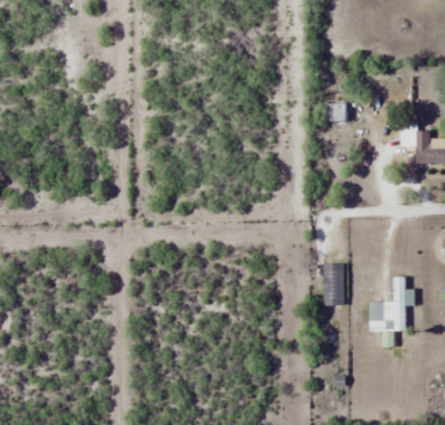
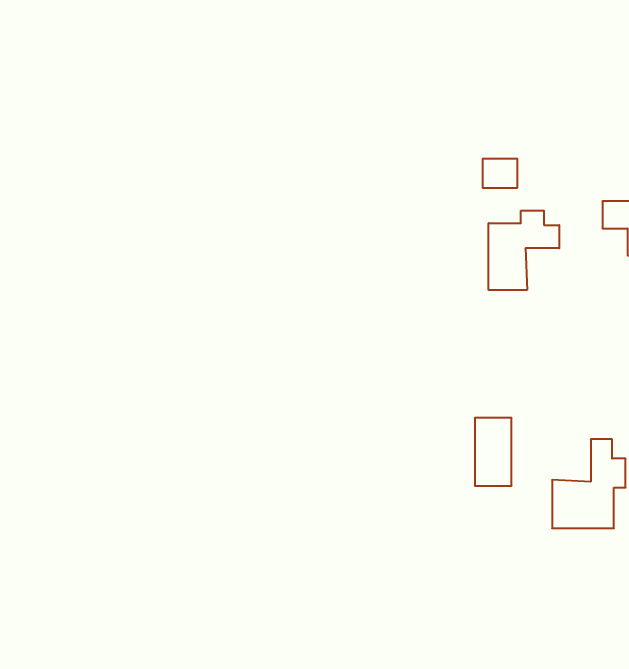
building: none -> [489,211,559,290]

